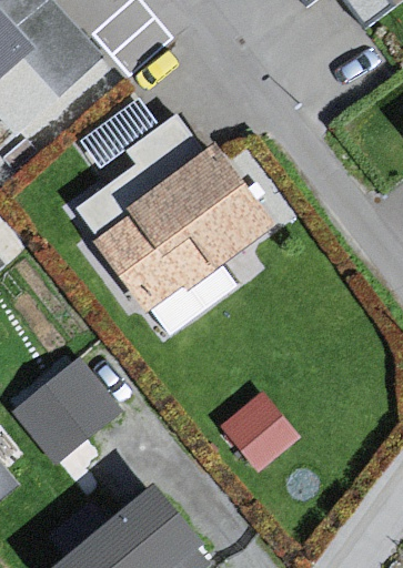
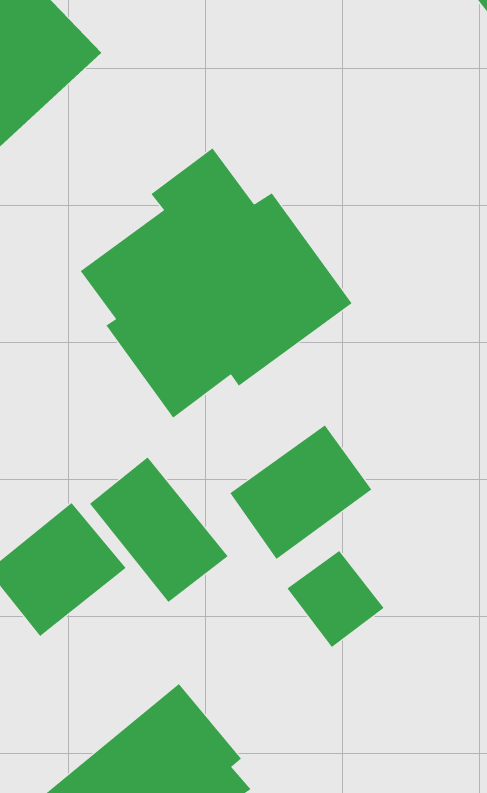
building: none -> [230,425,372,560]
building: none -> [89,457,229,603]

